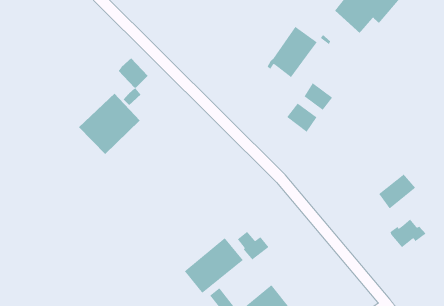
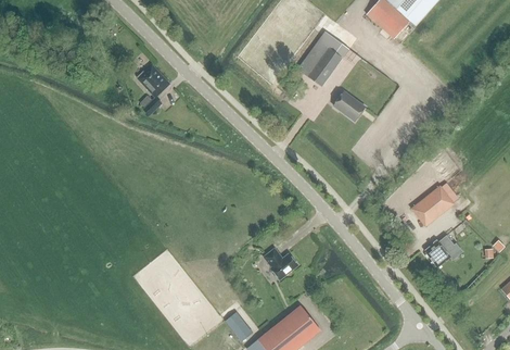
building: [78,93,140,155] -> none
building: [286,103,317,133] -> none
building: [184,237,244,294] -> none

